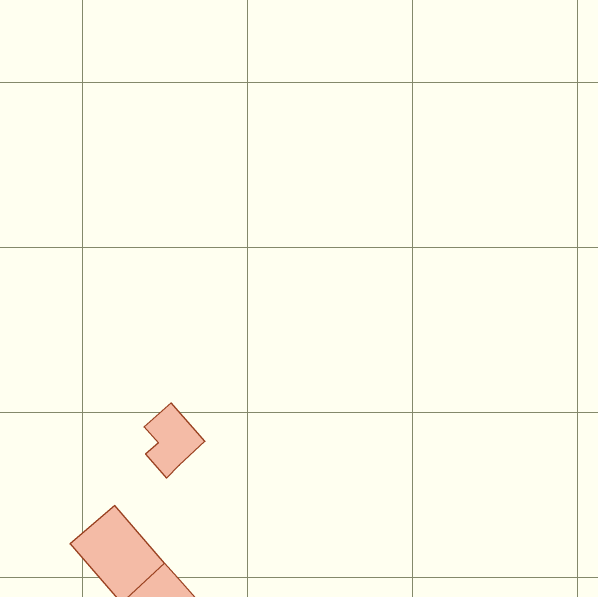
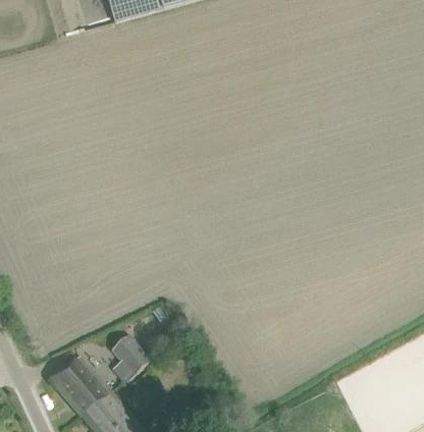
building: [144,403,205,478] -> [110,334,149,382]

